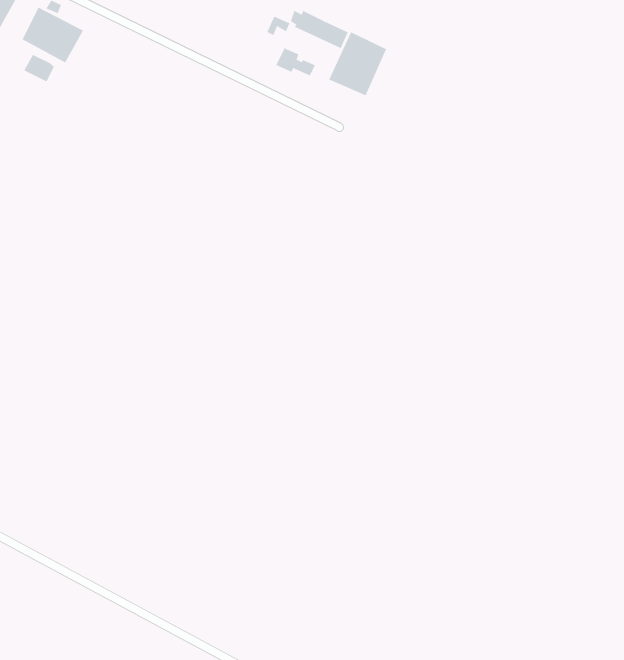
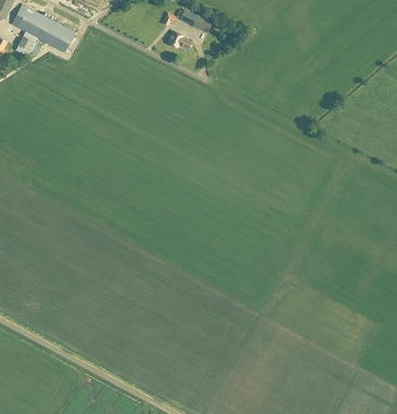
building: [329,31,387,96] -> none

